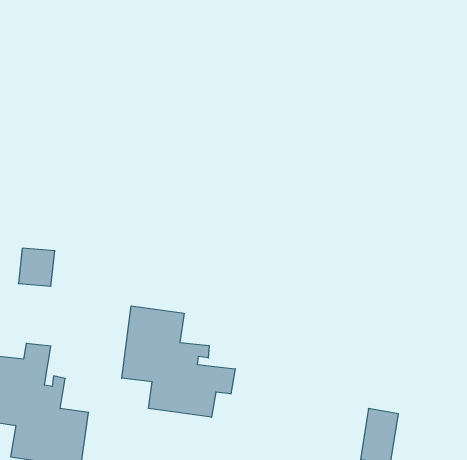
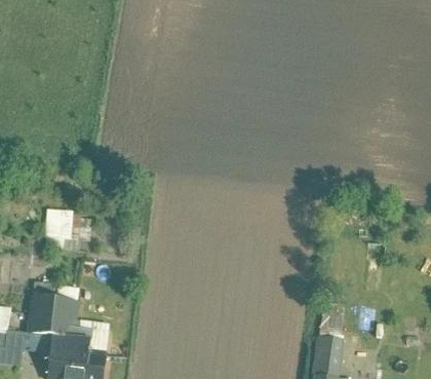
building: [122,306,235,417] -> none

